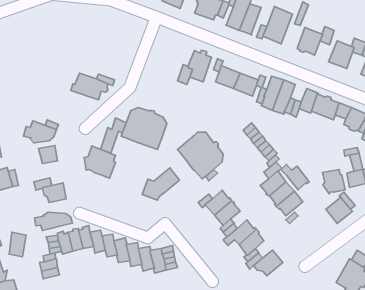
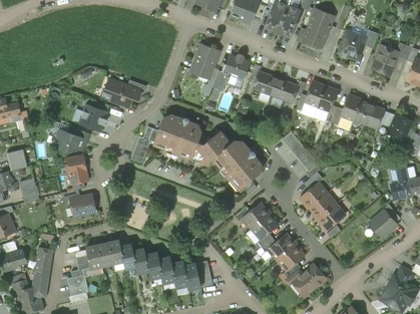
building: none -> [191,44,219,76]
building: none -> [80,101,111,131]
building: [84,146,116,178] -> none
building: [281,164,309,190] -> none
building: [142,168,179,200] -> [191,130,231,165]
building: [322,170,345,194] -> none
building: [34,212,72,231] -> none
building: none -> [31,269,49,297]

